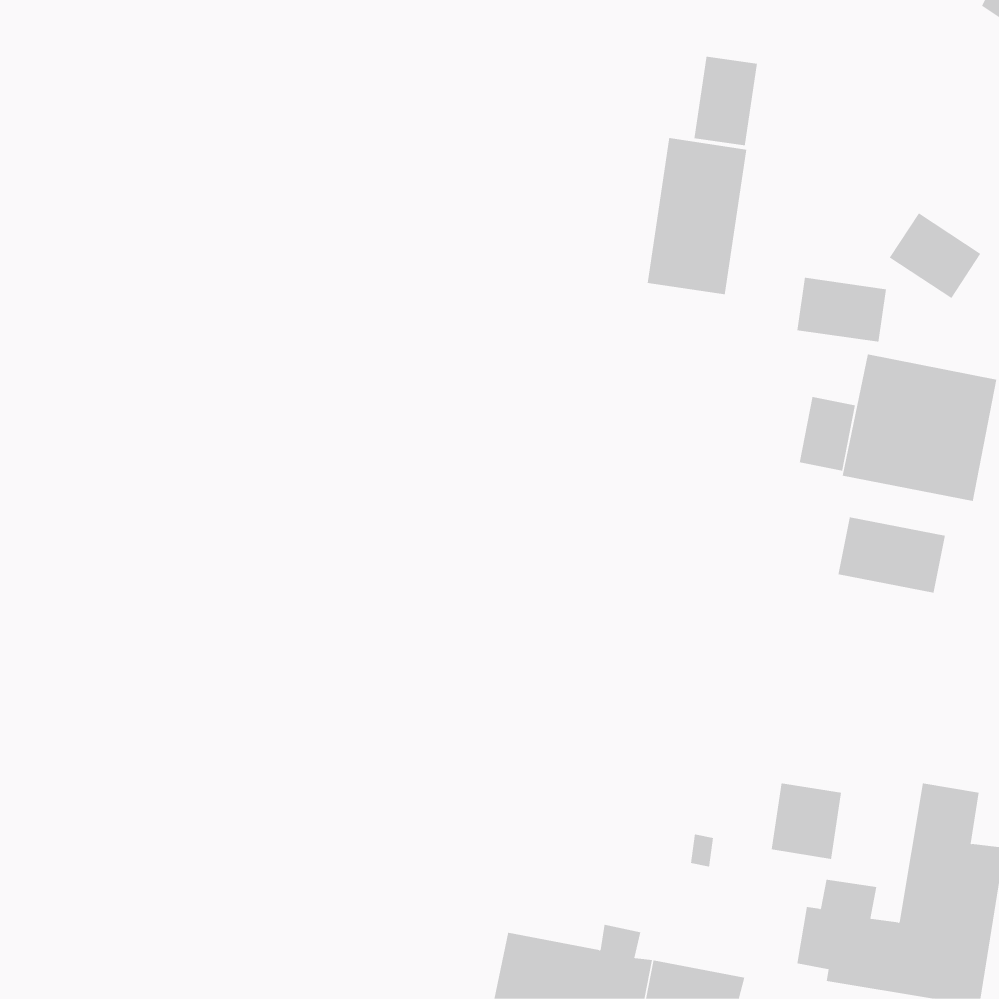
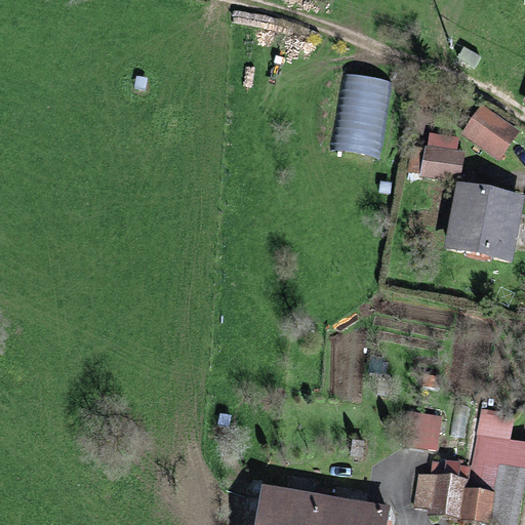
building: [694,56,757,146] -> none
building: [799,396,856,471] -> none
building: [838,516,945,593] -> none

